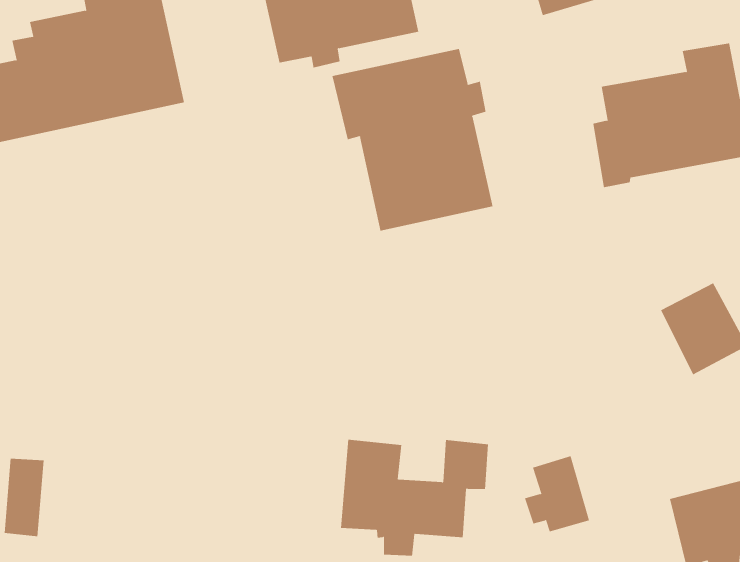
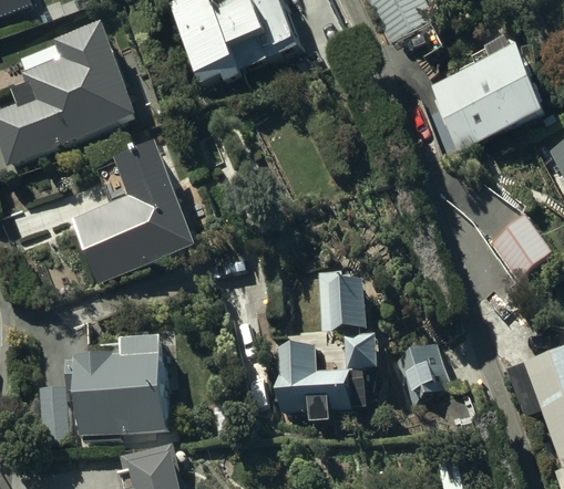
building: [332,48,493,231] -> none
building: none -> [72,149,194,283]
building: none -> [317,271,366,327]
building: none -> [65,341,164,434]

